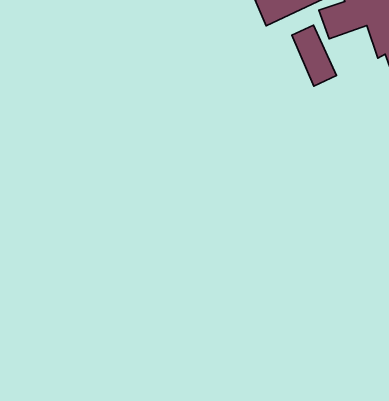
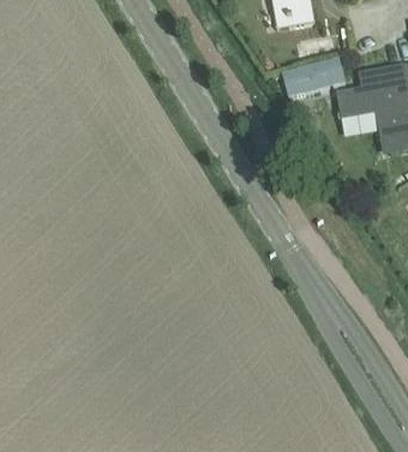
building: [292,25,336,86] -> none

